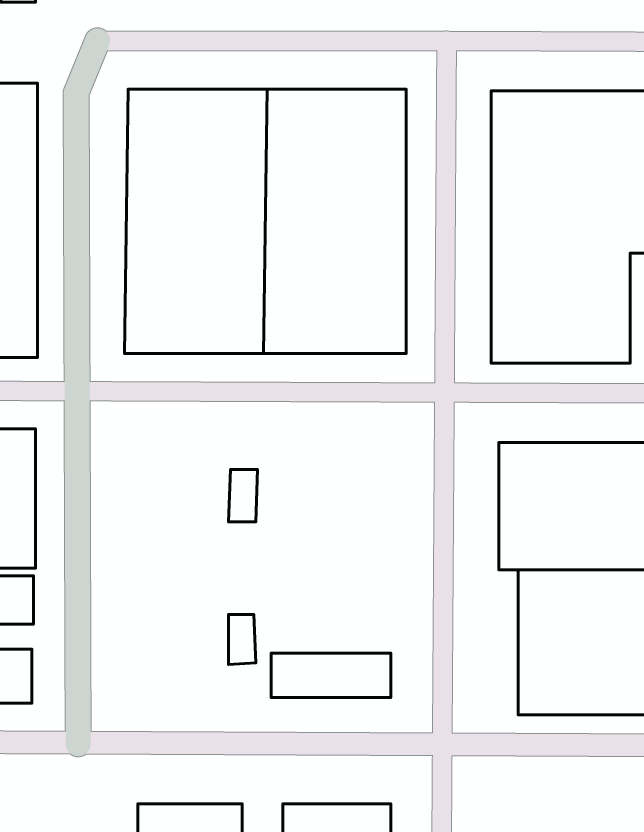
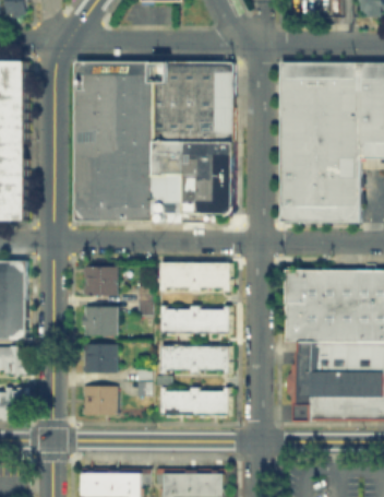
building: none -> [158,260,228,285]
building: none -> [84,268,118,296]
building: none -> [158,307,228,332]
building: none -> [84,308,116,334]
building: none -> [158,344,226,368]
building: none -> [83,346,116,371]
building: none -> [83,387,116,415]

